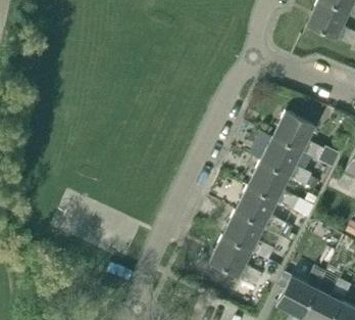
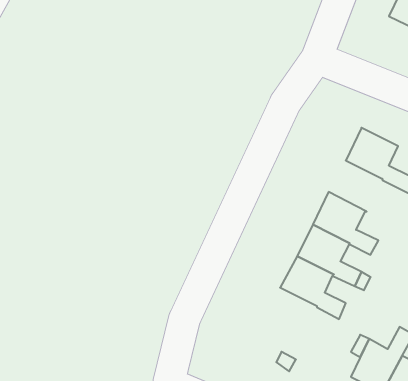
building: [260,137,311,185] -> none
building: [210,236,261,285] -> none

